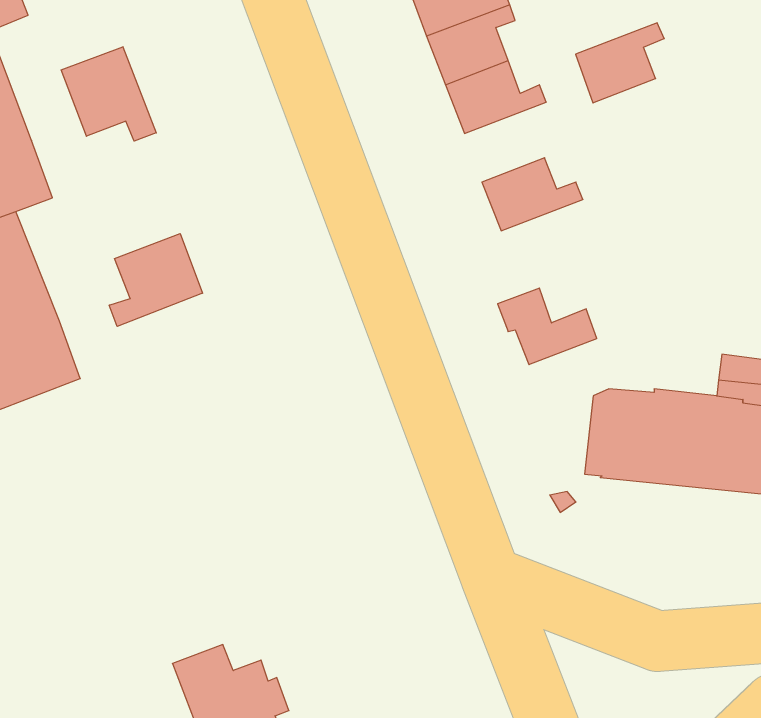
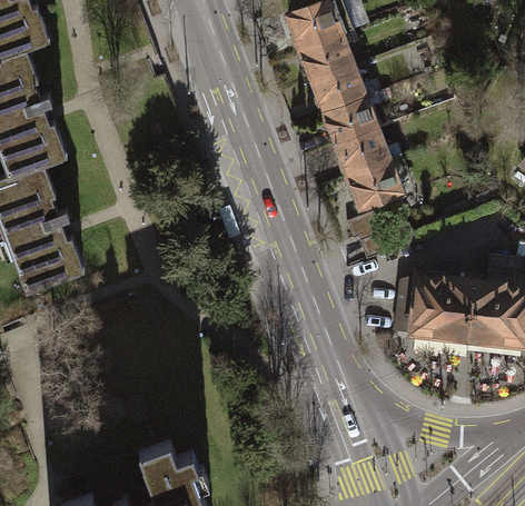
building: [576,23,664,103] -> [327,95,384,146]
building: [61,47,156,141] -> none
building: none -> [350,157,415,209]
building: [109,234,203,326] -> none

